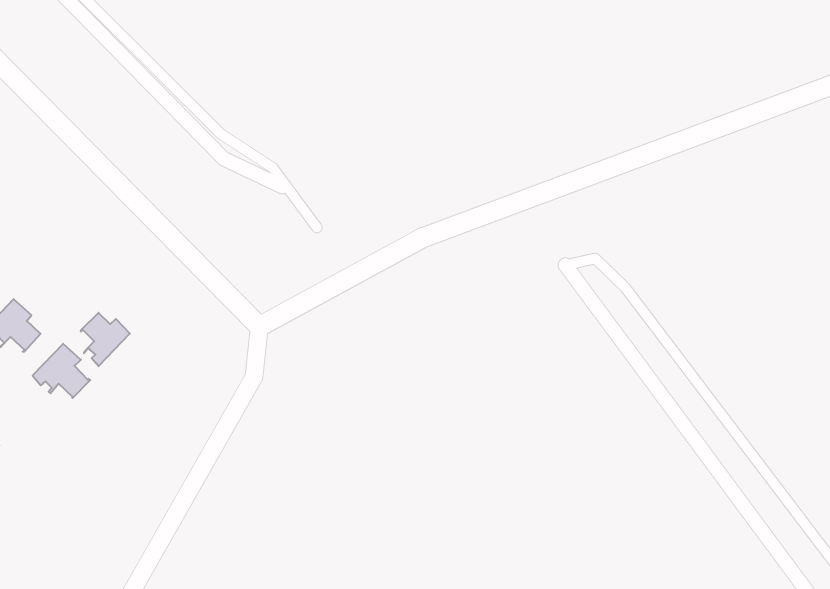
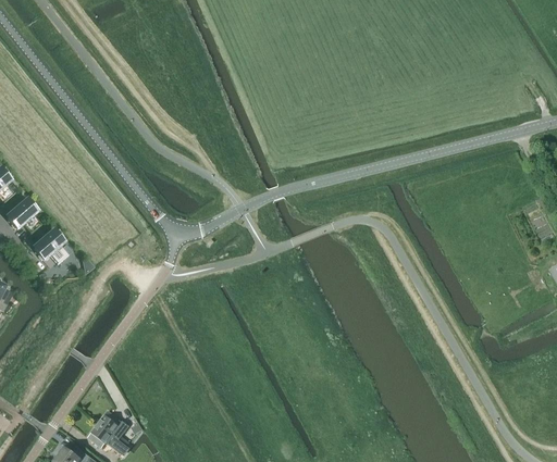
building: [81,313,130,366] -> none

